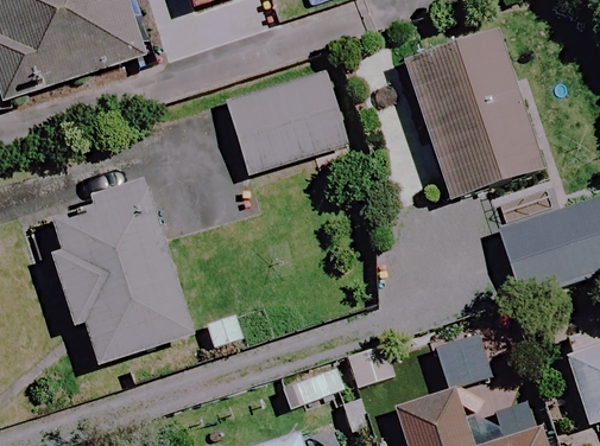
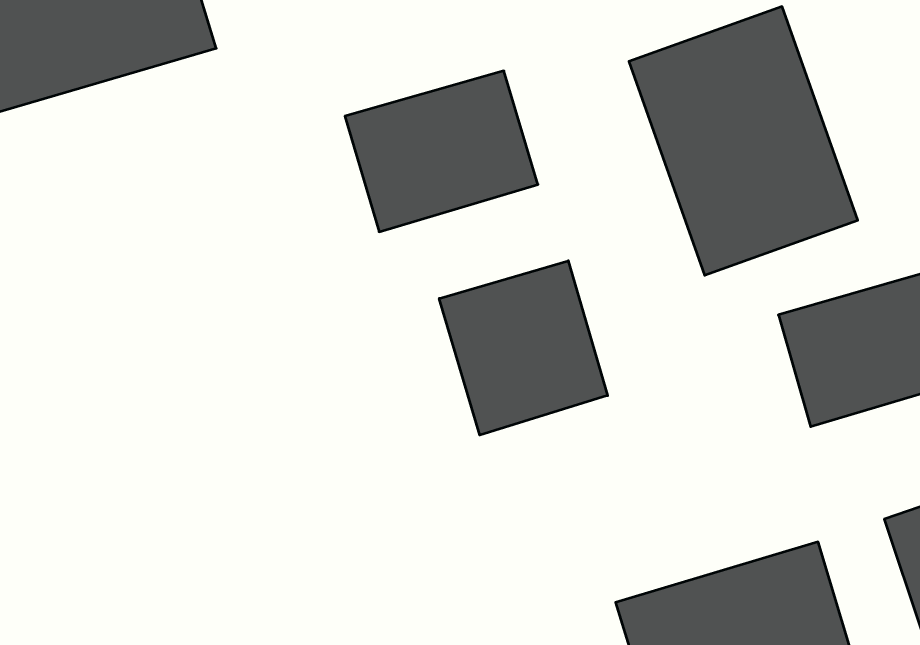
building: [52,183,195,365] -> none
building: none -> [439,261,608,435]

